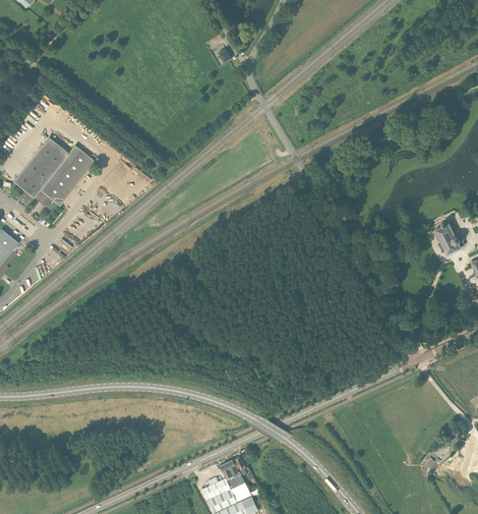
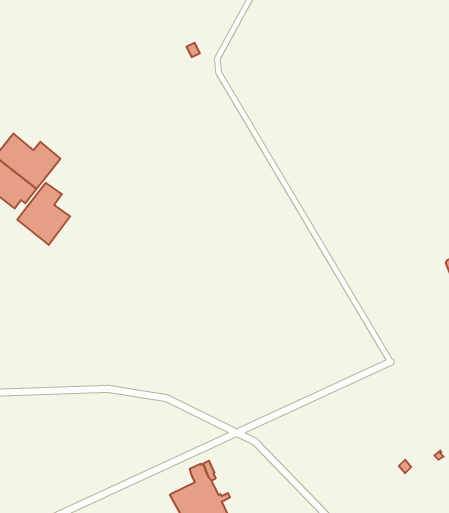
building: none -> [17,183,70,245]
building: [434,221,465,253] -> none

